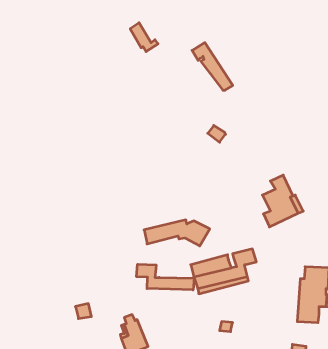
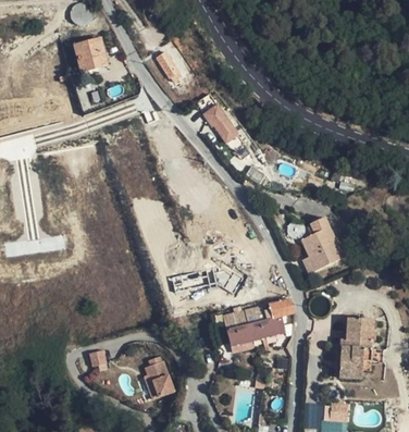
building: none -> [75,37,108,72]
building: [192,43,233,90] -> [203,104,248,157]
building: [137,264,194,290] -> none

